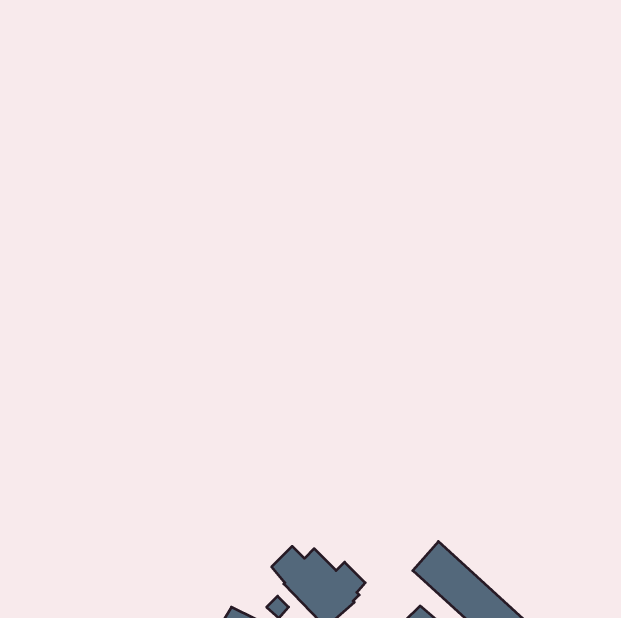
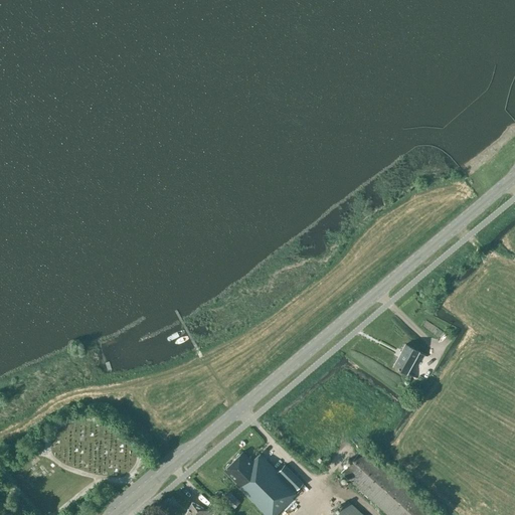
building: none -> [394,347,419,376]

